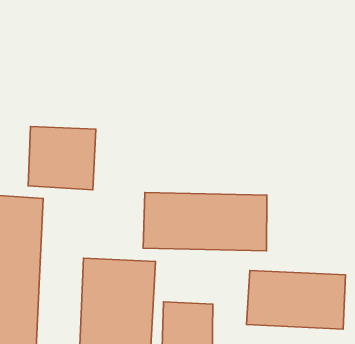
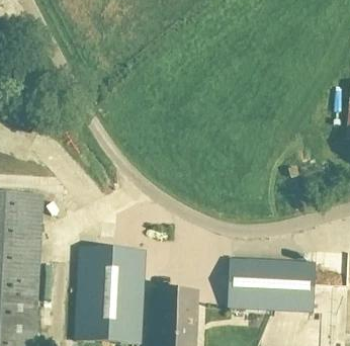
building: [28,126,96,190] -> none
building: [143,192,267,251] -> none

